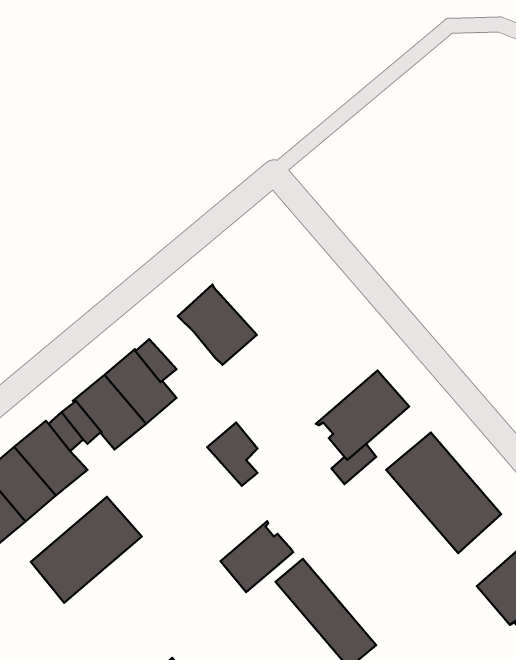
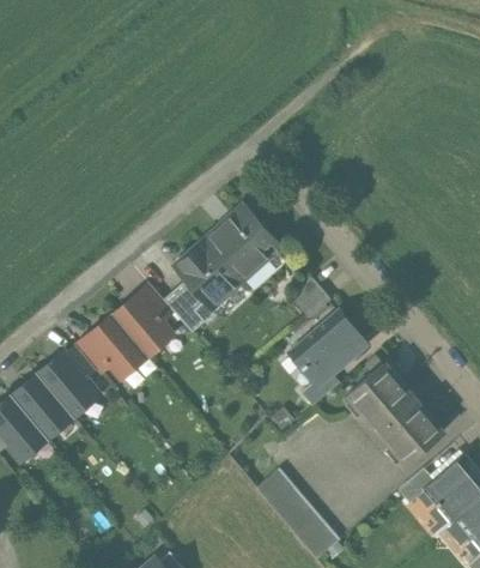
building: none -> [203,205,280,282]
building: none -> [291,278,330,318]
building: [207,423,258,486] -> [163,279,205,332]
building: [31,497,142,603] -> none
building: [220,521,293,592] -> none

